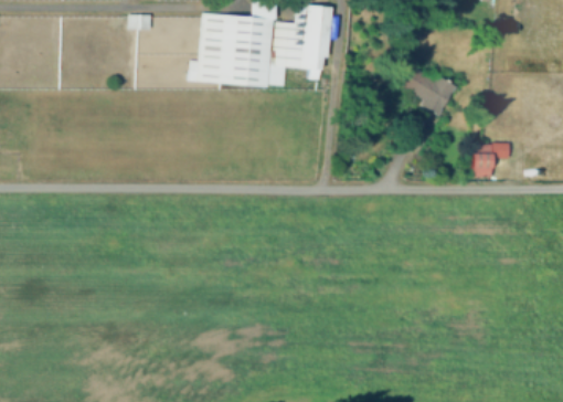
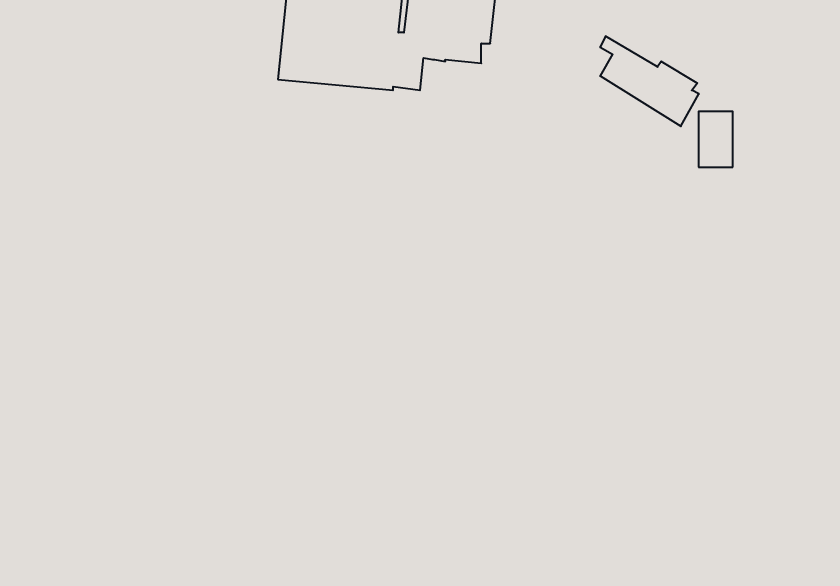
building: [471,145,492,179] -> [699,111,733,167]

